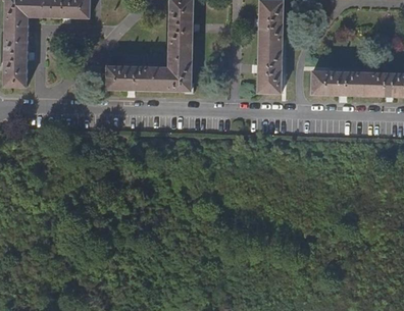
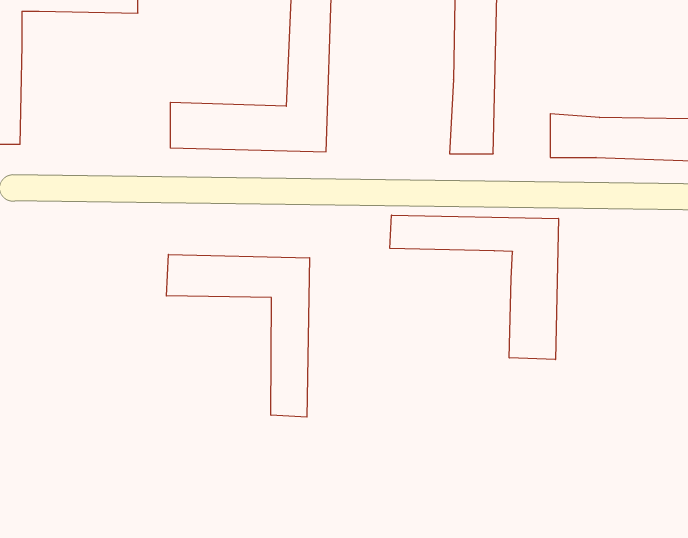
building: none -> [390,215,558,360]
building: none -> [166,254,310,417]

